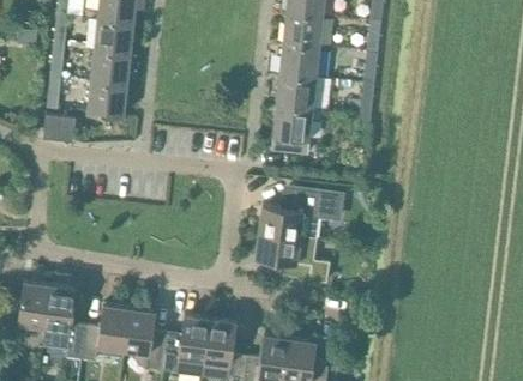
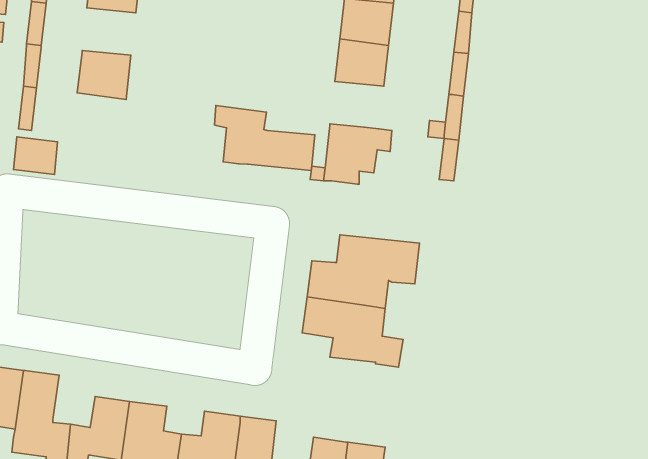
building: [94,19,133,54] -> none
building: [276,73,315,108] -> none
building: [88,81,126,117] -> none
building: none -> [215,105,315,170]

